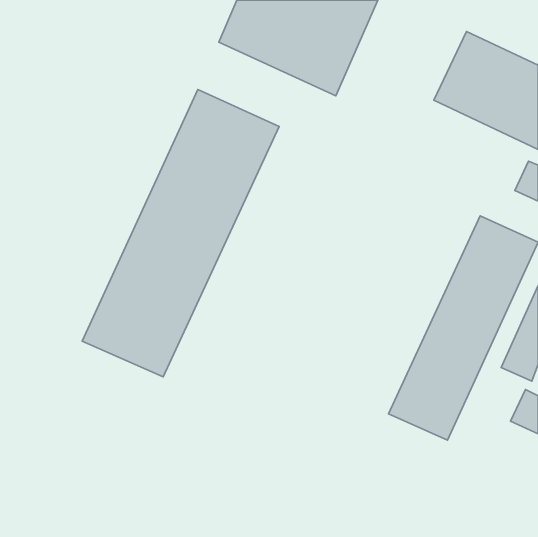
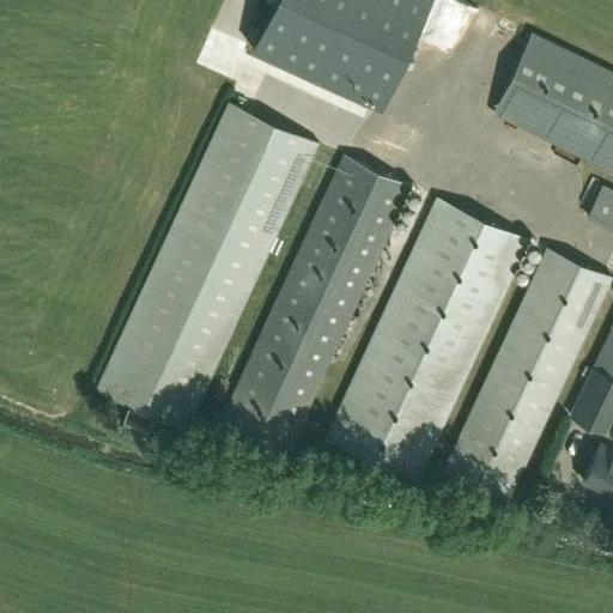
building: none -> [221,157,409,455]
building: none -> [323,198,527,481]

